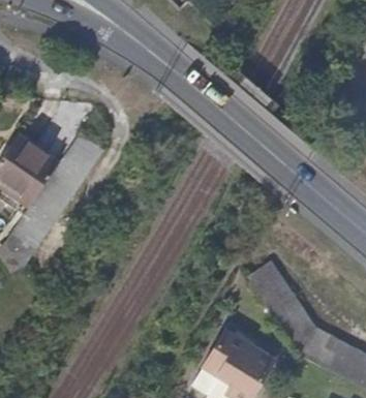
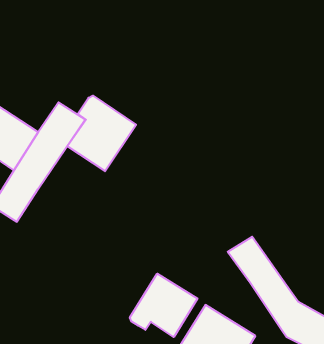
building: none -> [67,96,136,171]
building: none -> [130,274,197,337]

